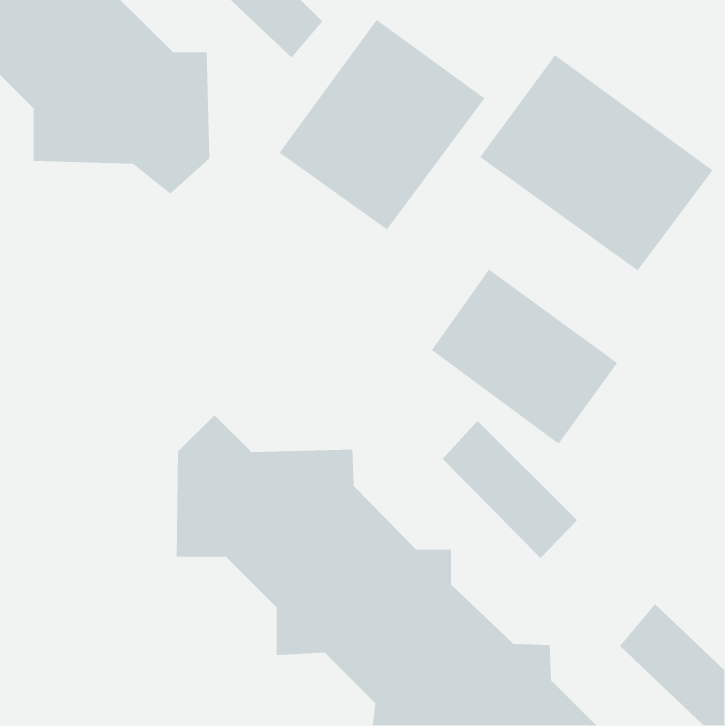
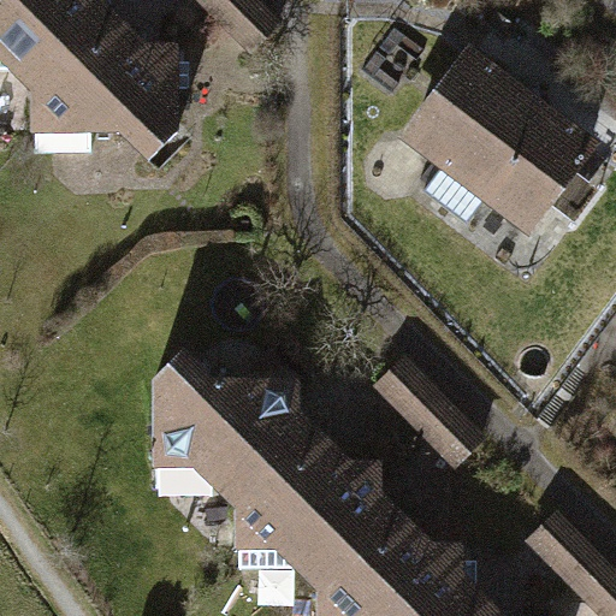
building: [279,19,486,231] -> none
building: [431,269,618,445] -> none

